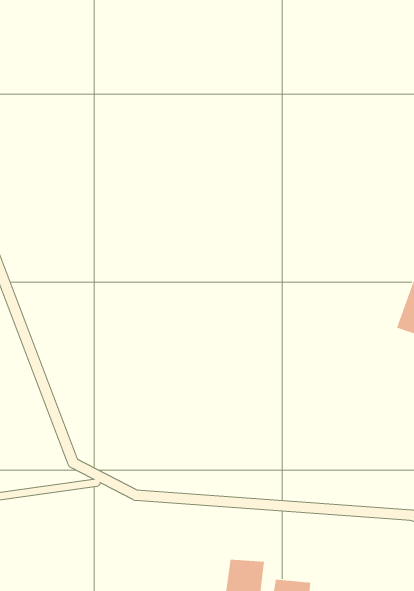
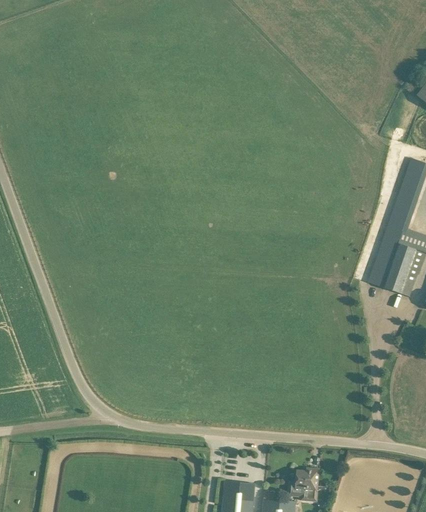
building: none -> [288,467,321,501]

